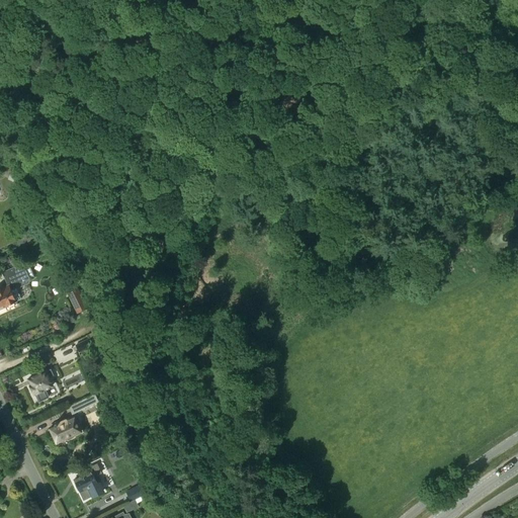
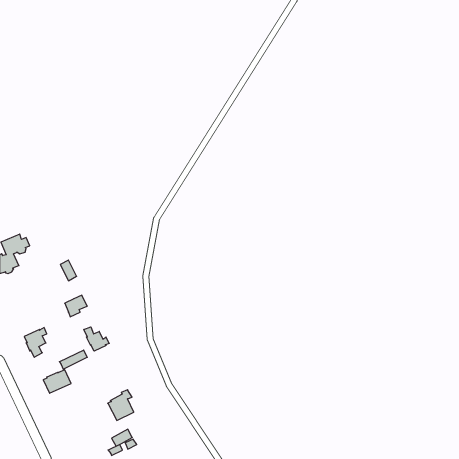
building: none -> [84,327,109,351]
building: [73,465,102,500] -> [108,390,134,420]

